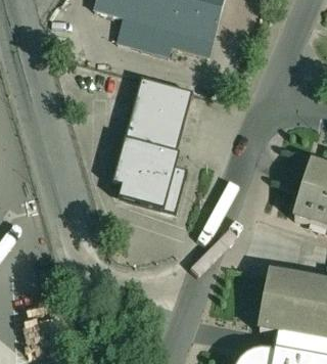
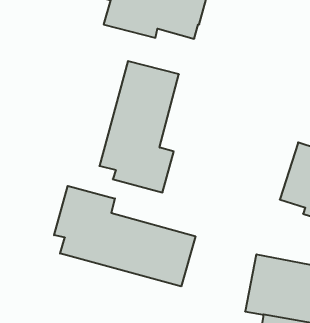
building: none -> [54,186,195,286]

